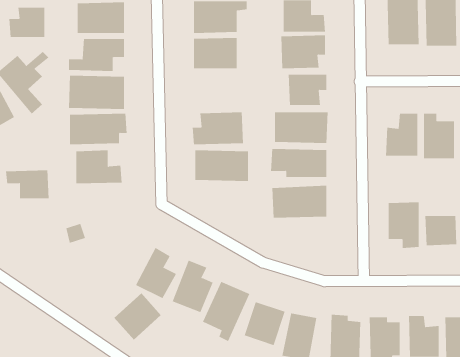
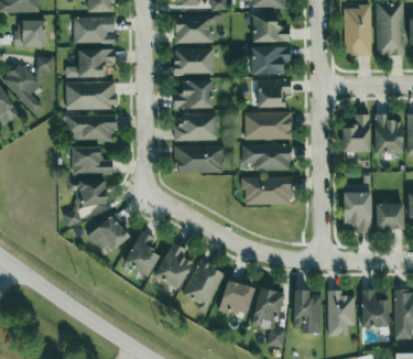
building: none -> [173,79,213,108]
building: [5,170,50,199] -> [67,178,106,204]
building: [114,292,162,340] -> [89,213,131,254]

